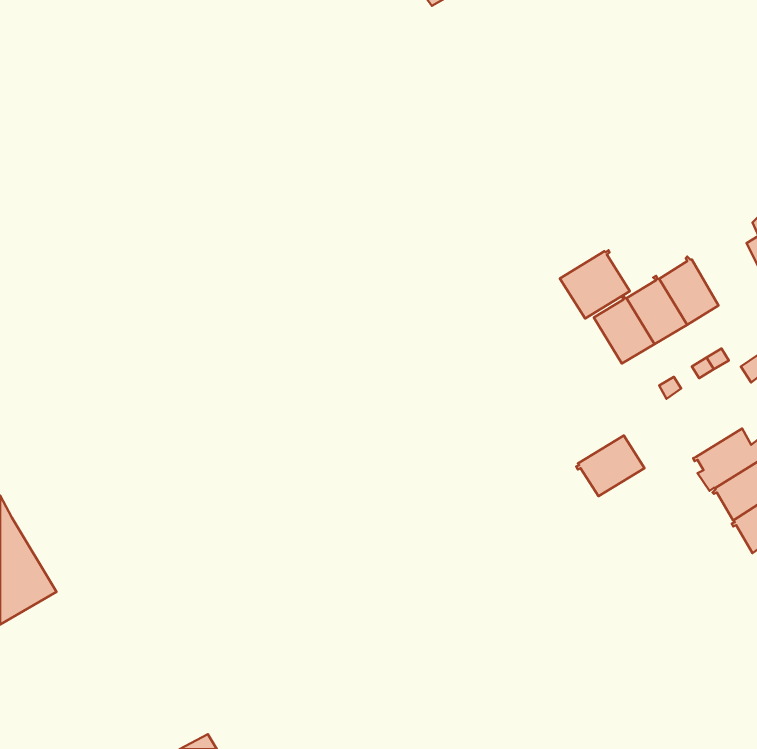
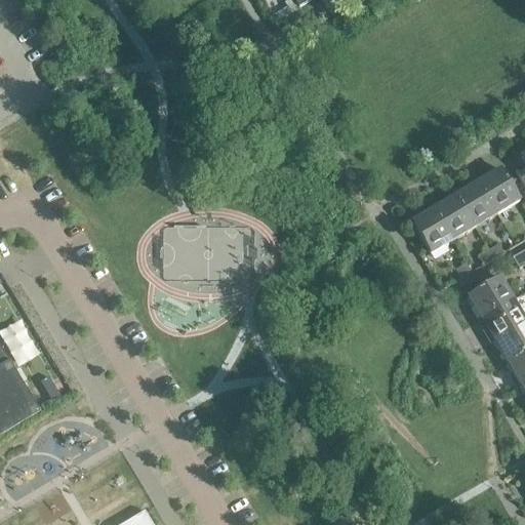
building: none -> [479,164,520,211]
building: [560,250,630,319] -> none
building: [576,435,644,496] -> [467,274,514,316]

